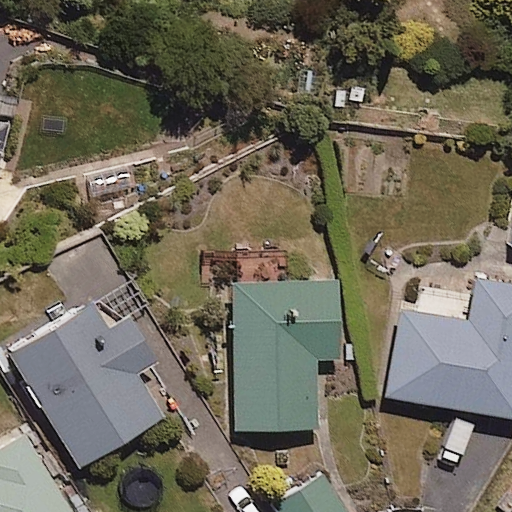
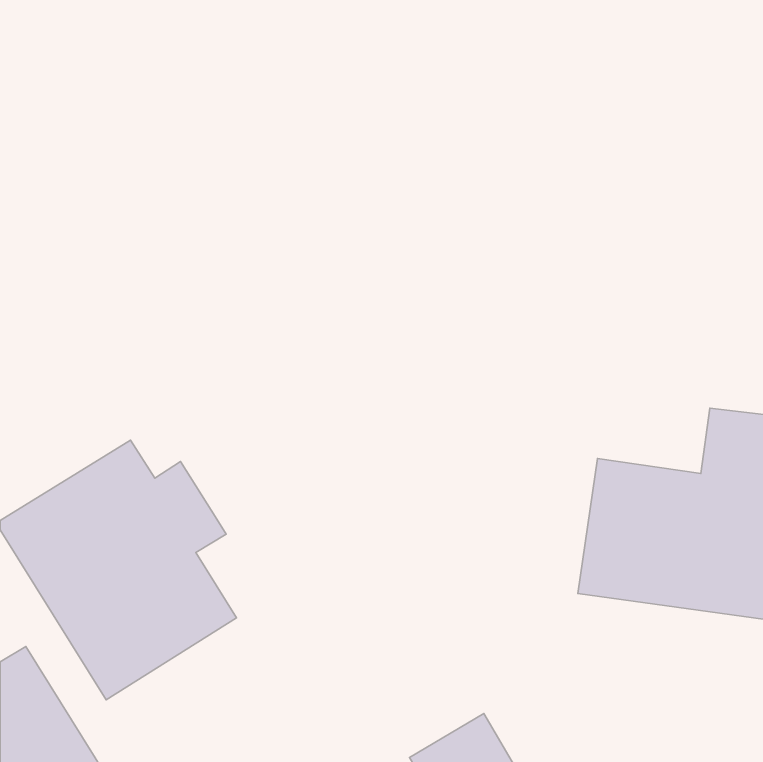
building: [229,278,340,432] -> none

